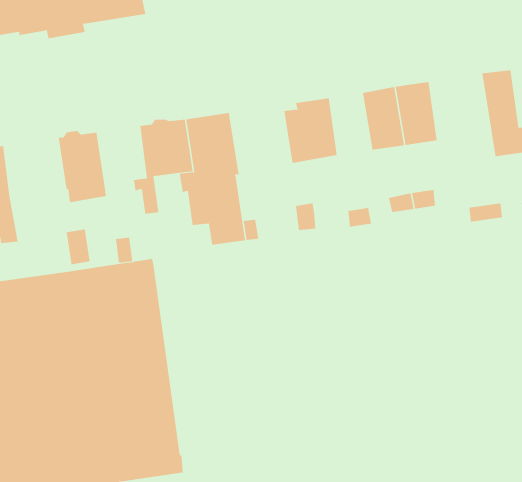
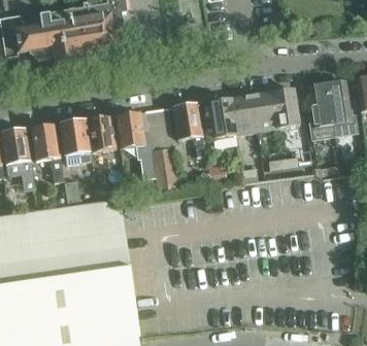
building: none -> [308,82,335,138]
building: none -> [231,95,258,134]
building: none -> [173,102,205,155]
building: none -> [87,115,115,151]
building: none -> [31,124,64,180]

